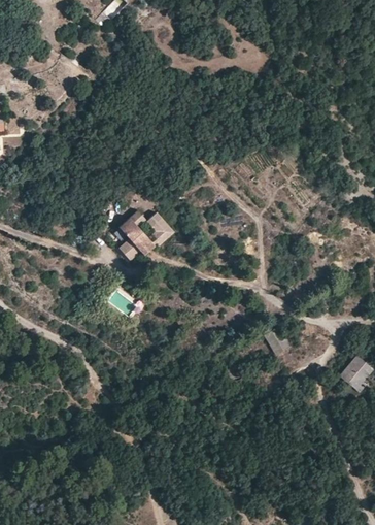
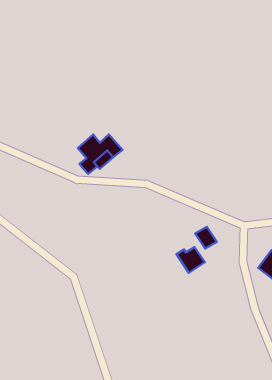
building: none -> [177,247,205,273]

